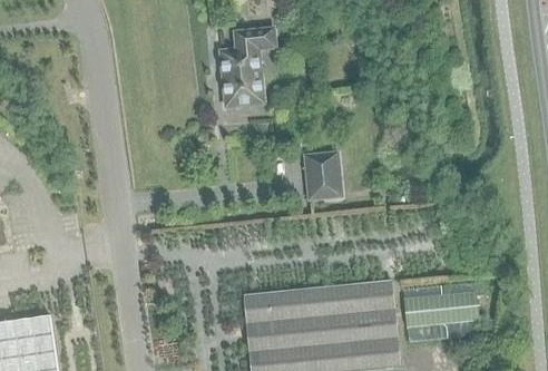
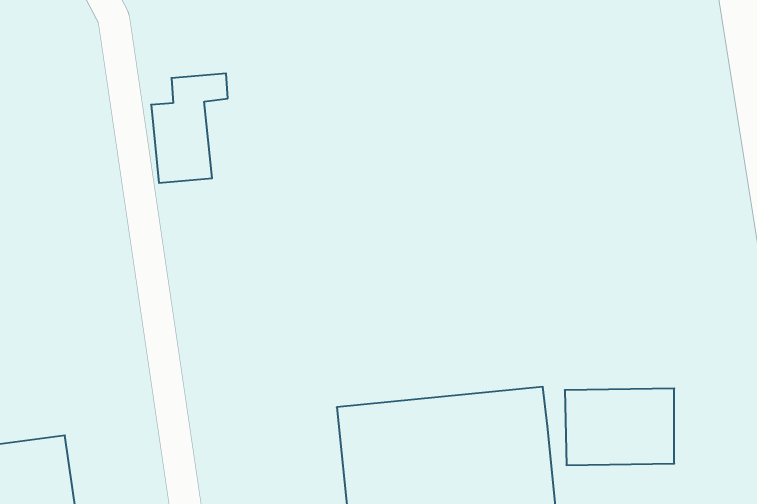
building: [219,30,274,108] -> [151,73,228,183]
building: [303,154,341,202] -> none

